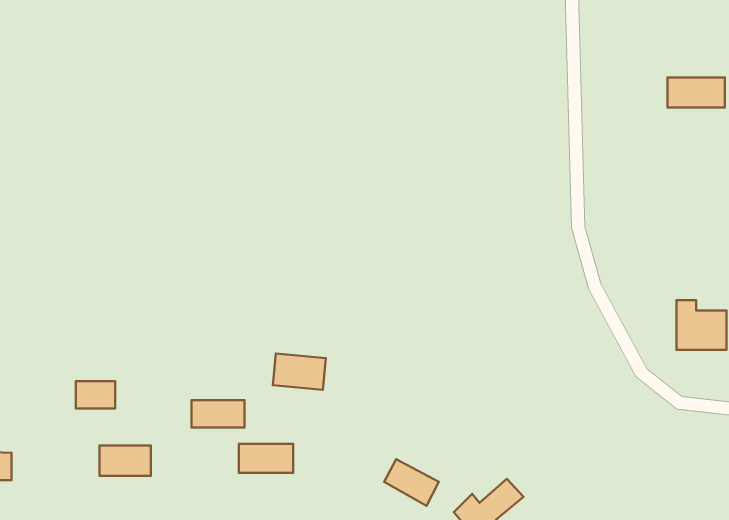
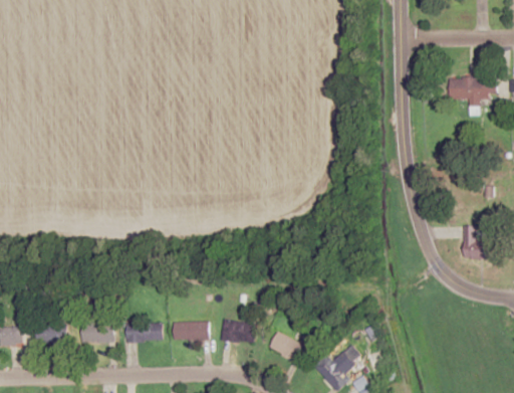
building: [273,353,326,390] -> [220,320,255,344]
building: [76,381,115,408] -> [33,327,59,345]
building: [192,400,245,427] -> [125,324,161,342]

